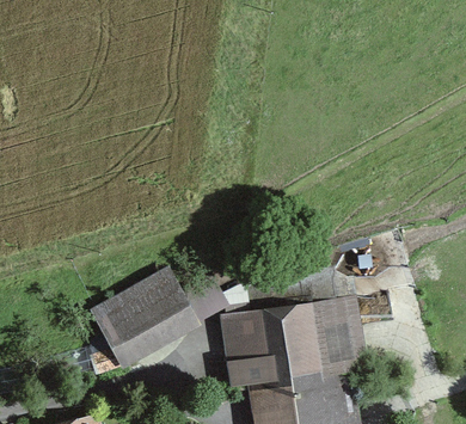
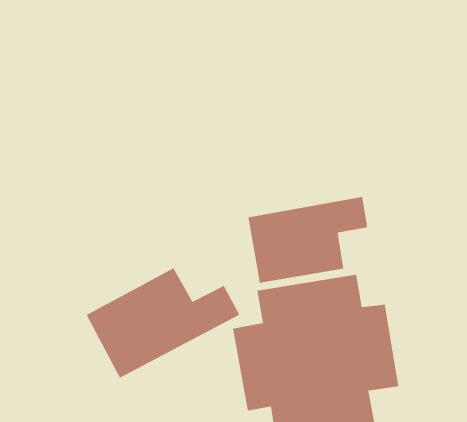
building: none -> [248,196,368,283]

